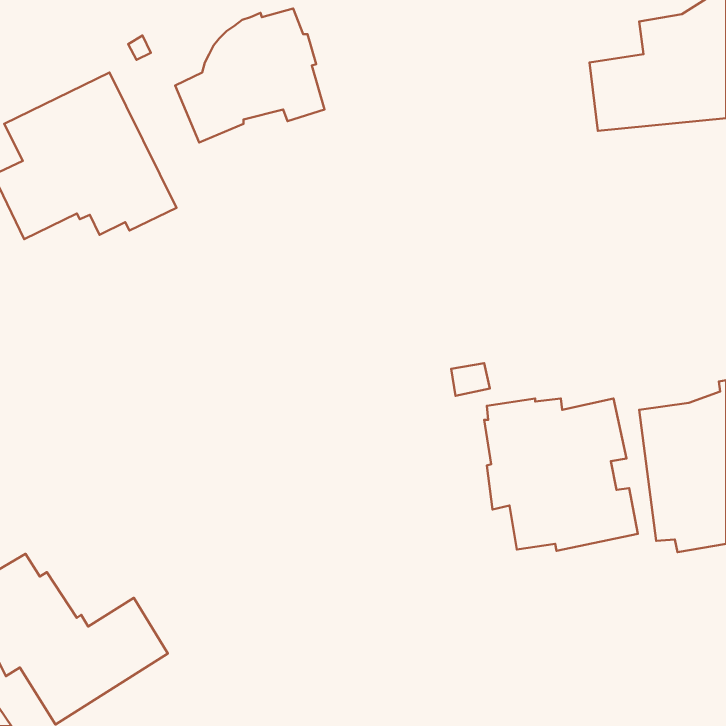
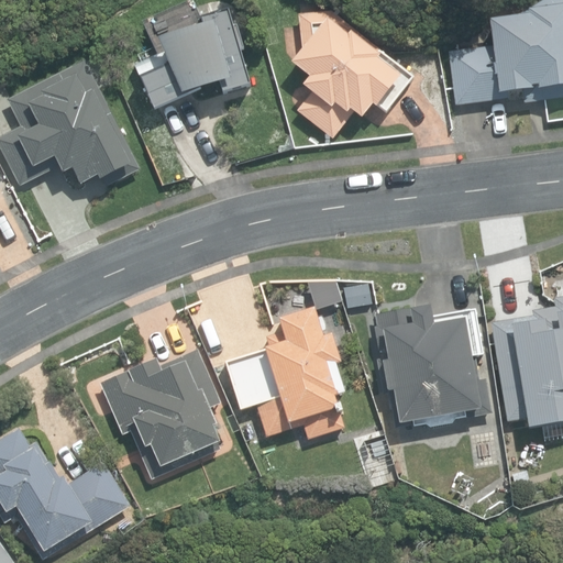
building: none -> [290,11,412,139]
building: none -> [228,306,349,434]
building: none -> [100,350,221,479]

